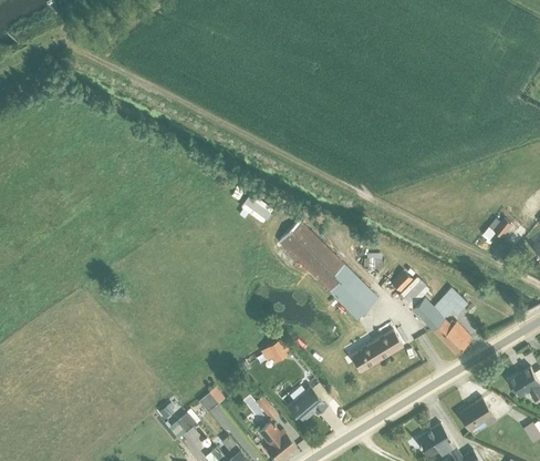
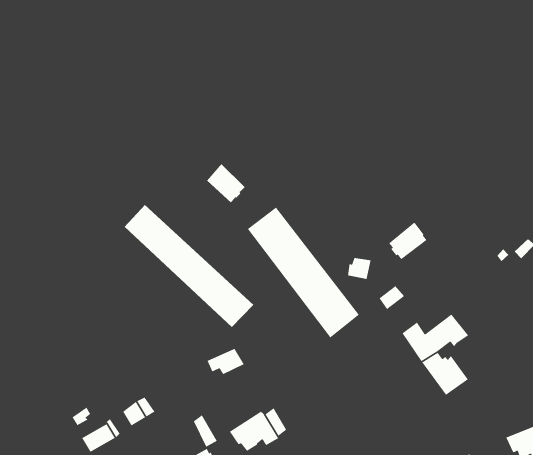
building: none -> [124,204,254,328]
building: [397,276,428,308] -> [388,222,427,260]
building: [349,328,402,371] -> none

